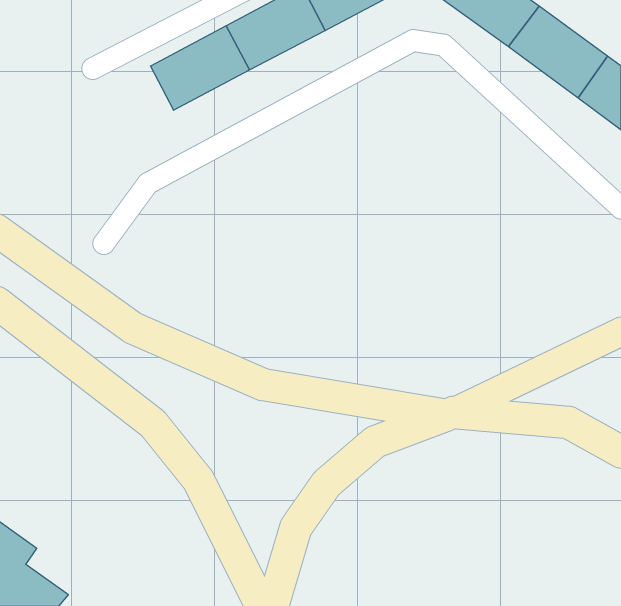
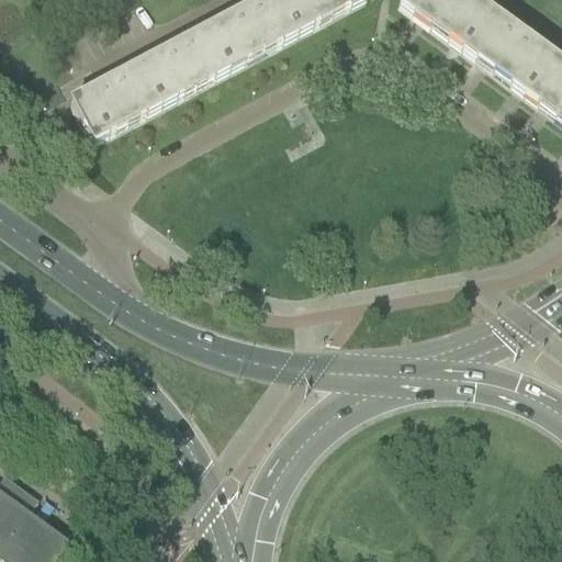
building: none -> [66,59,156,135]

